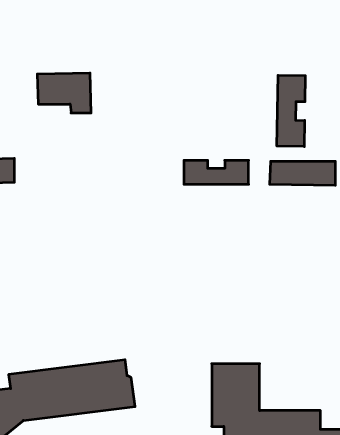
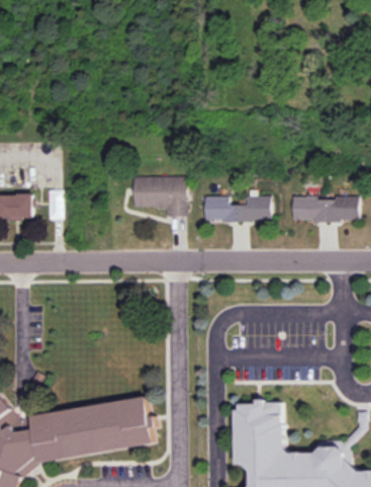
building: [37,73,91,113] -> [132,176,187,217]
building: [277,75,305,147] -> none

